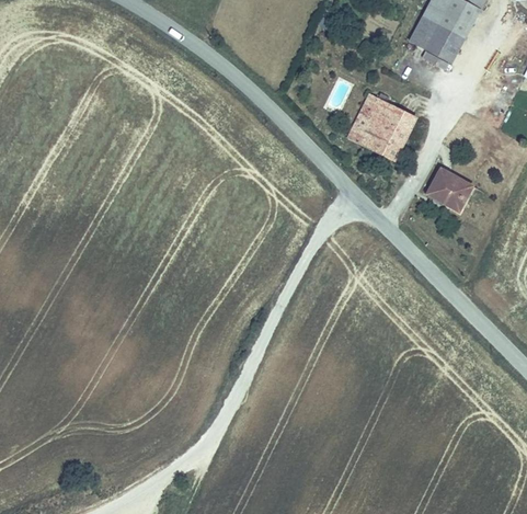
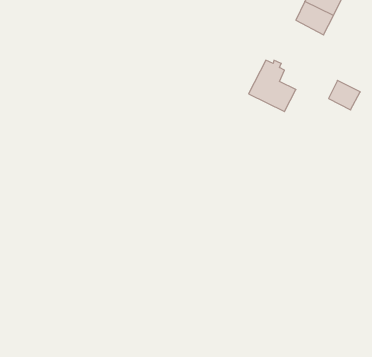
building: [389,105,419,132] -> none
building: [431,173,473,213] -> [329,80,360,110]

